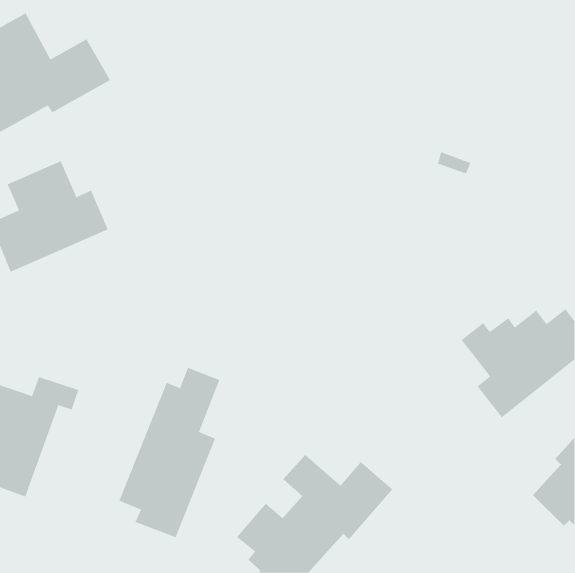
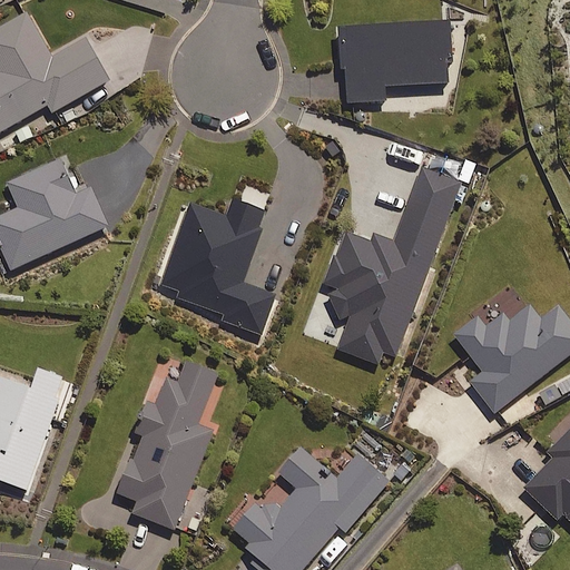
building: none -> [338,21,454,102]
building: none -> [325,168,466,364]
building: none -> [158,200,273,331]

